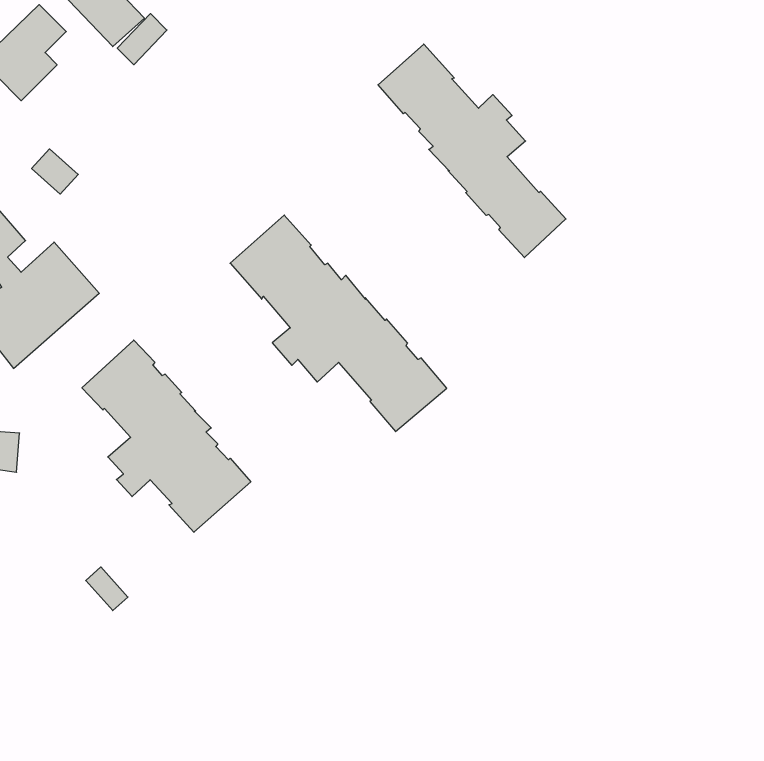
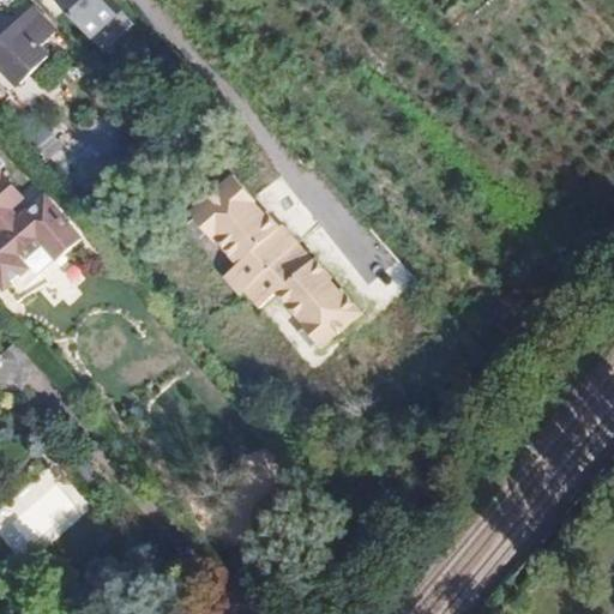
building: [378,44,566,258] -> none
building: [82,340,251,532] -> none

